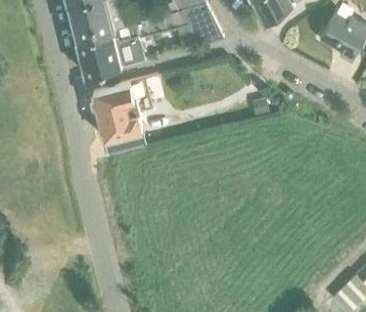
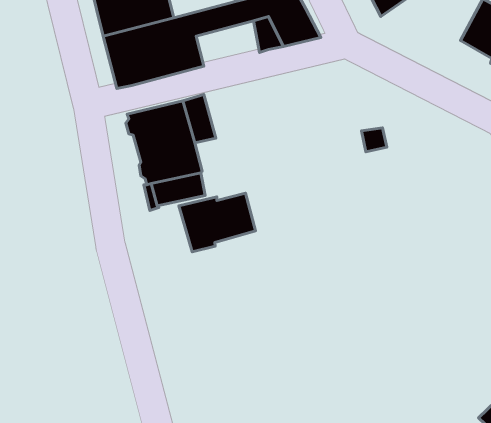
building: none -> [179,193,256,252]

